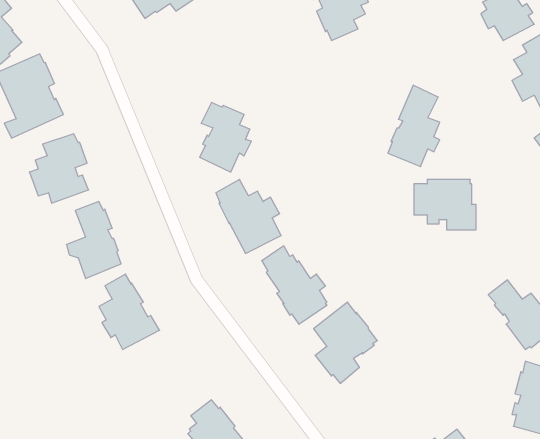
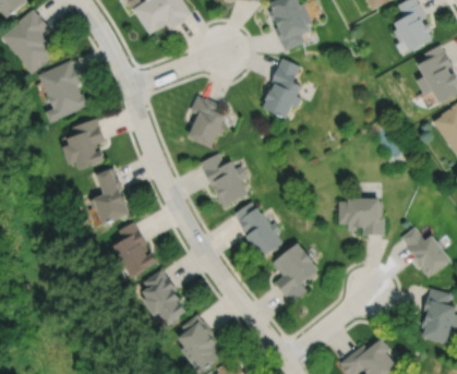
building: [388,85,440,167] -> [263,59,301,119]
building: [414,179,476,230] -> [338,200,384,237]
building: none -> [143,272,187,327]

